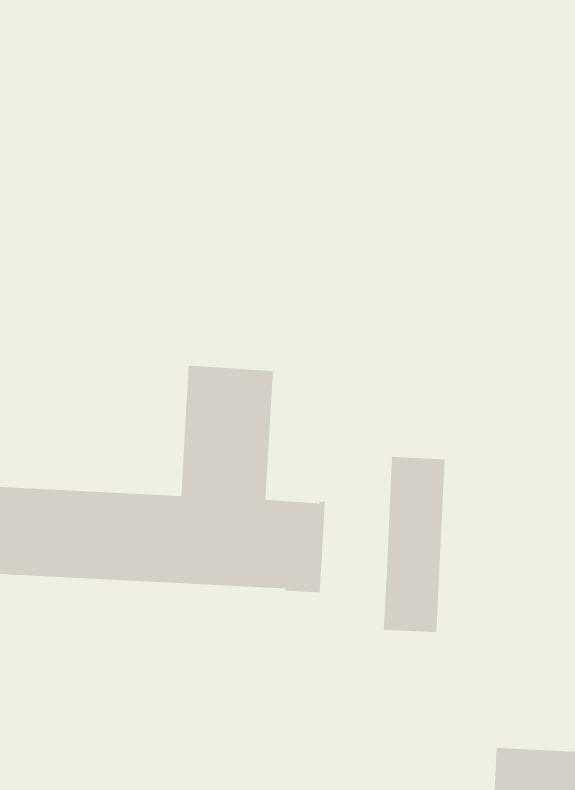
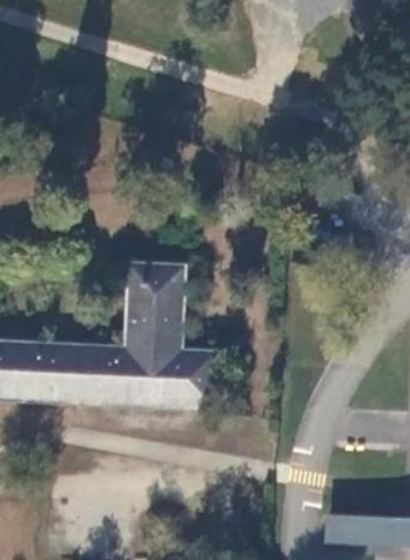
building: [383,456,445,633] -> none

